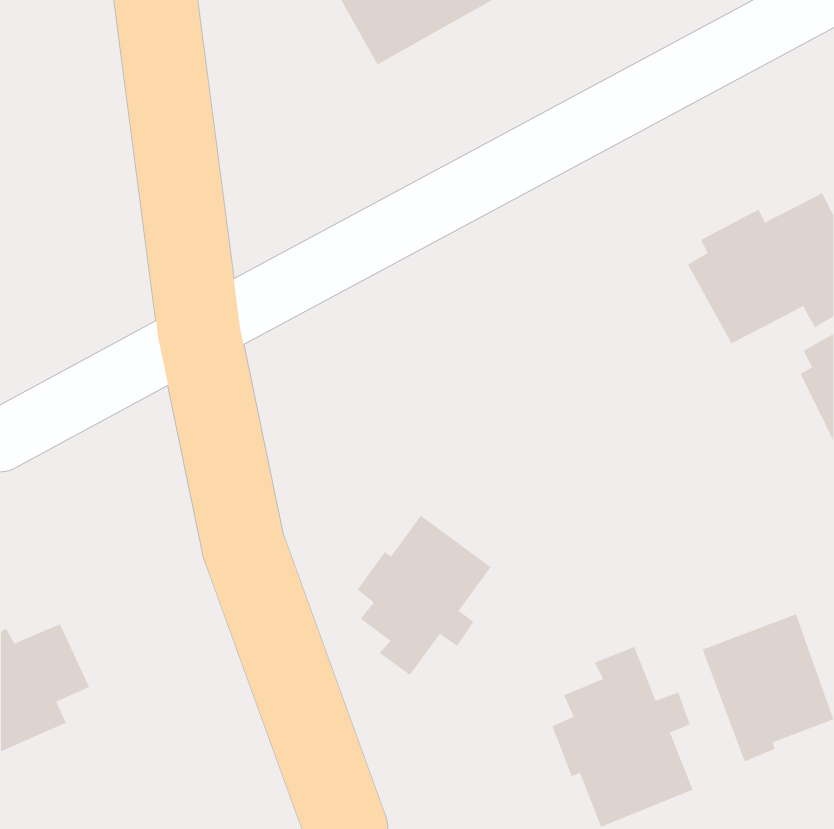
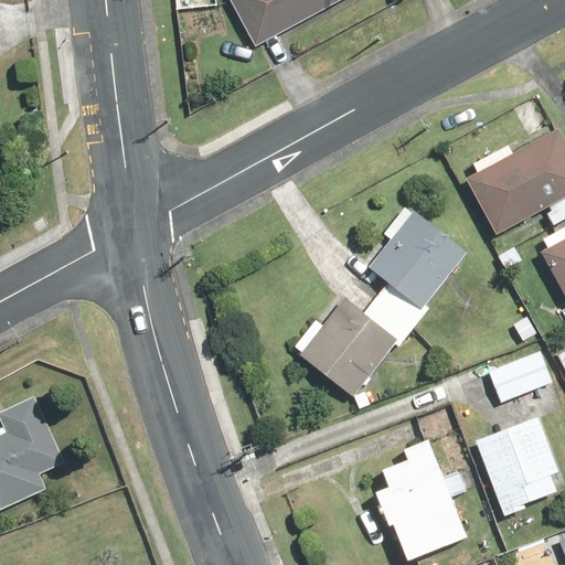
building: none -> [295,205,468,398]
building: [357,515,491,676] -> none
building: none -> [488,349,552,399]

